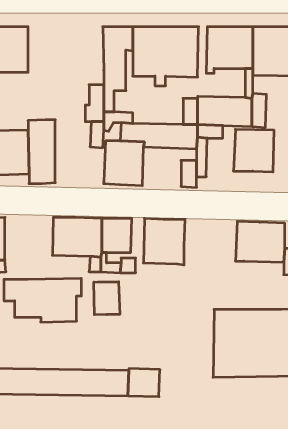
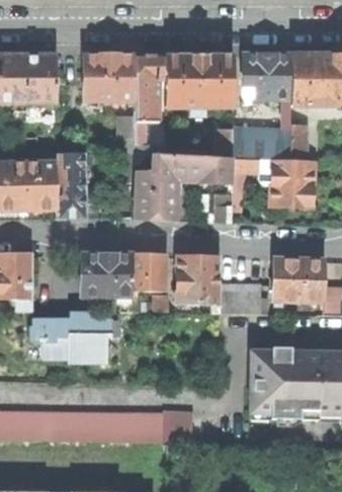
building: none -> [83,55,135,105]
building: none -> [218,283,267,315]
building: [94,282,120,315] -> none

